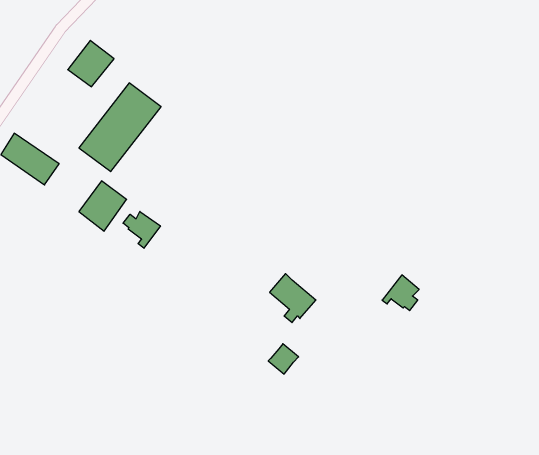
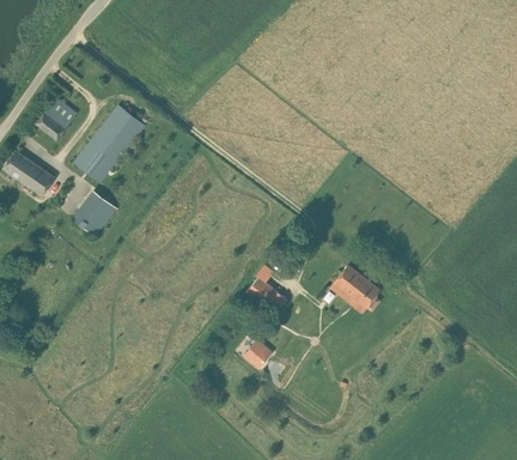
building: [68,40,114,87] -> [36,97,78,139]
building: [123,211,160,248] -> none
building: none -> [334,266,365,301]

